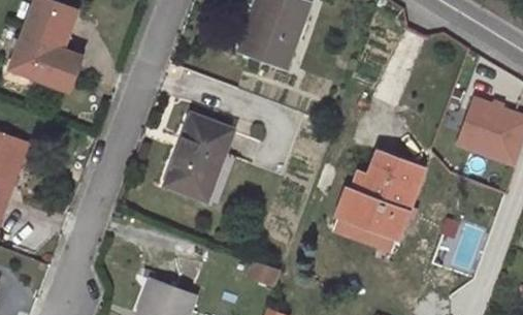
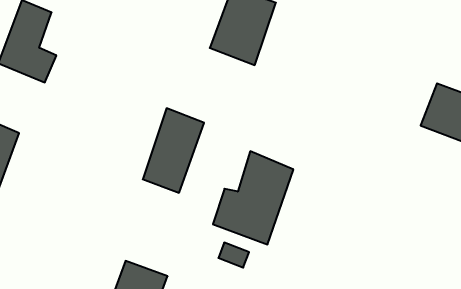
building: [335,147,422,247] -> [213,151,293,244]

